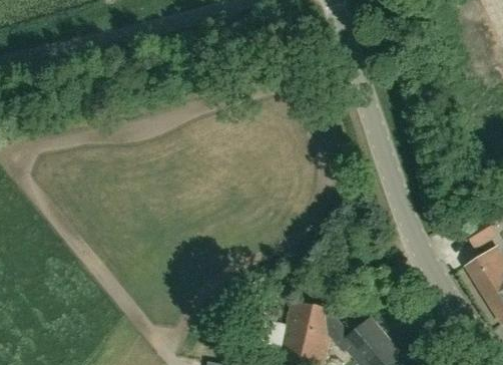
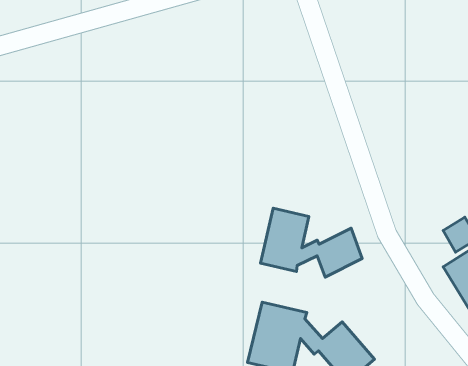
building: none -> [261,208,362,277]

